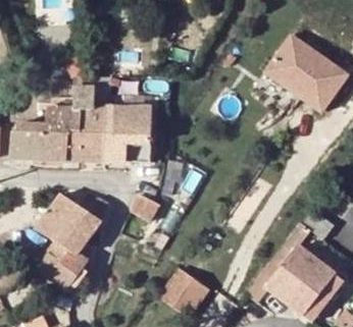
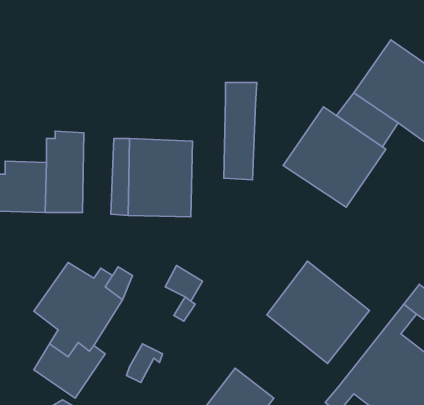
building: none -> [283,107,386,207]
building: [72,89,96,158] -> [224,83,257,180]
building: none -> [267,261,369,363]

